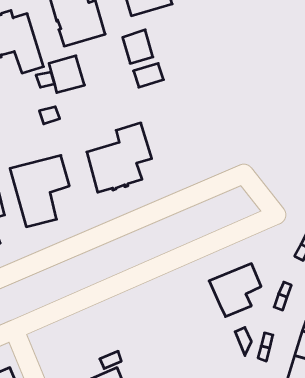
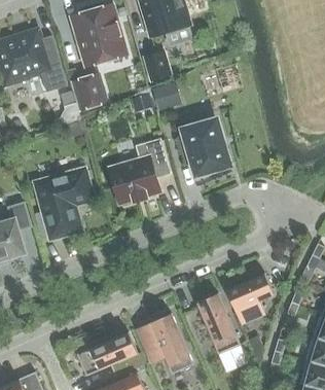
building: none -> [176,118,229,177]
building: none -> [195,292,240,354]
building: none -> [136,313,193,375]
building: none -> [76,331,138,376]

